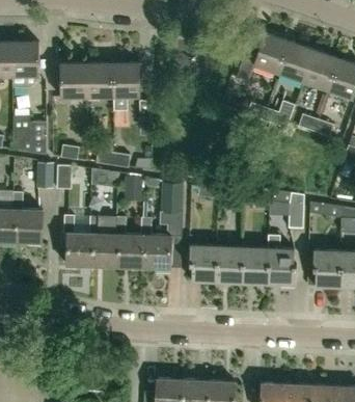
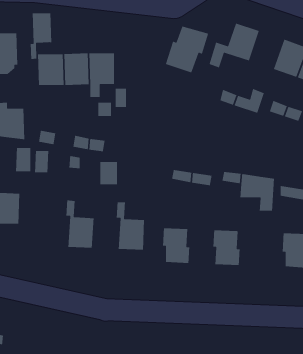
building: none -> [30,13,52,60]
building: none -> [165,25,209,73]
building: [279,42,315,82] -> none
building: [161,183,185,237] -> none
building: [63,215,93,266] -> none
building: [115,217,145,268] -> none
building: [267,236,296,286] -> none
building: [215,246,244,284] -> none

